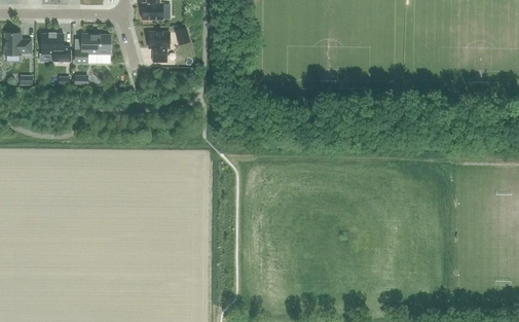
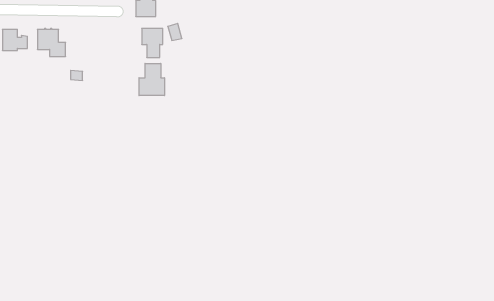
building: [74,34,109,63] -> none
building: none -> [139,63,164,96]

